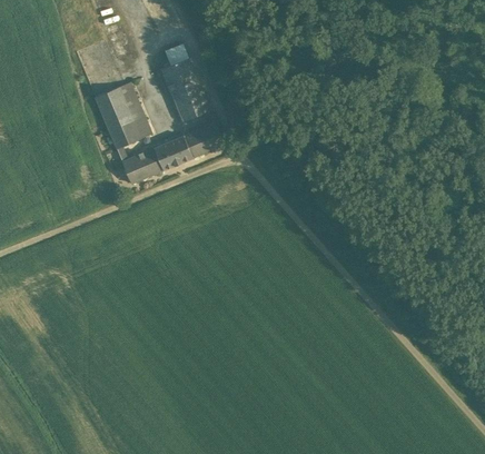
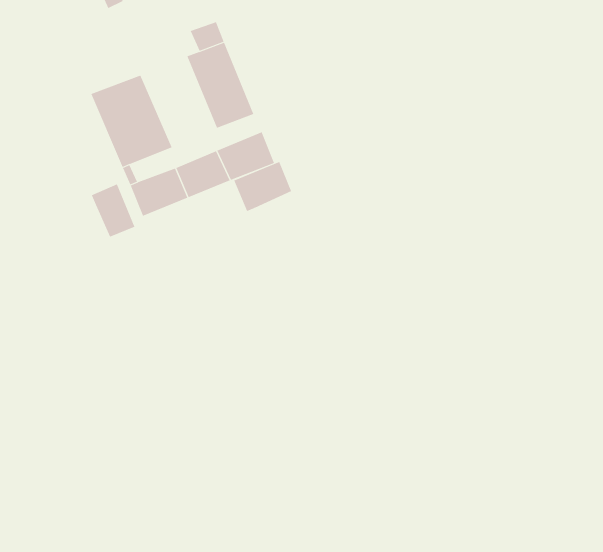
building: none -> [233,161,292,212]
building: none -> [91,184,135,237]

